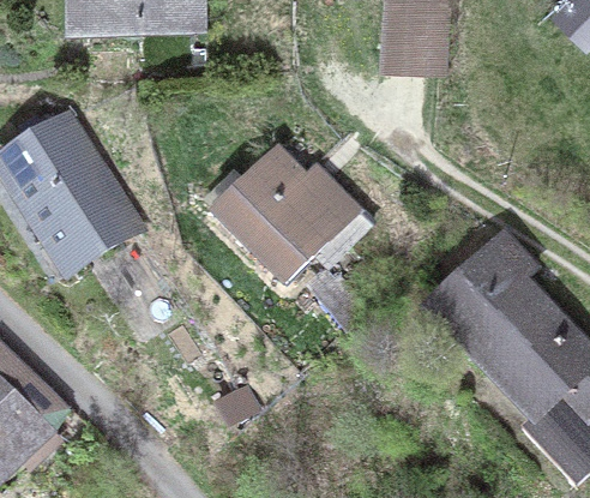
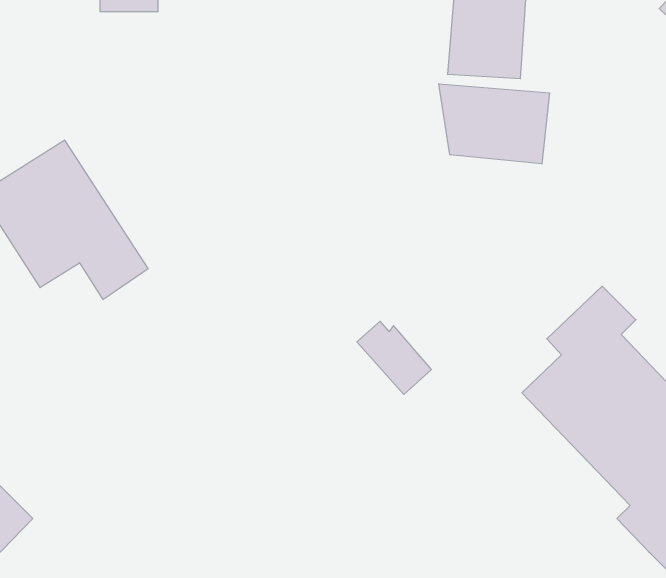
building: none -> [439,84,549,164]
building: [215,148,350,283] -> none

